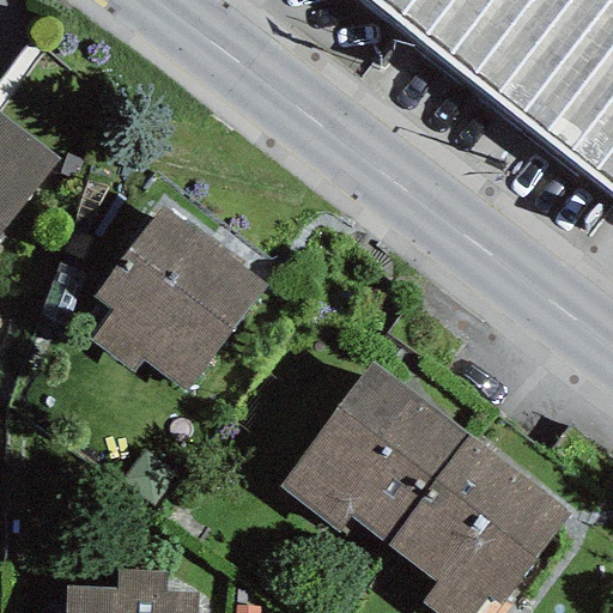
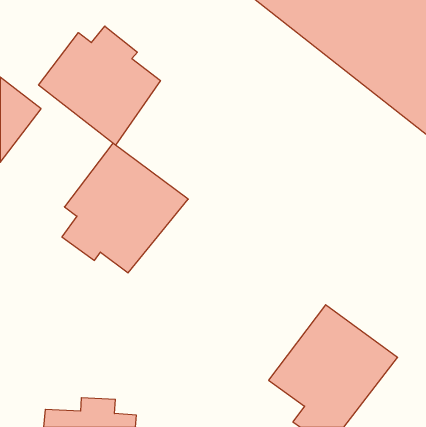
building: none -> [39,26,160,145]
building: [278,363,468,544] -> none

